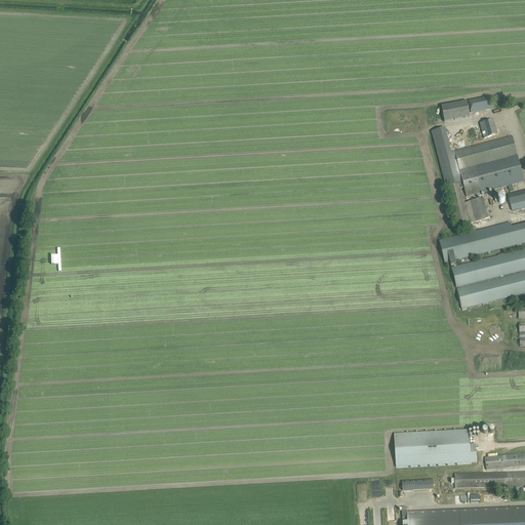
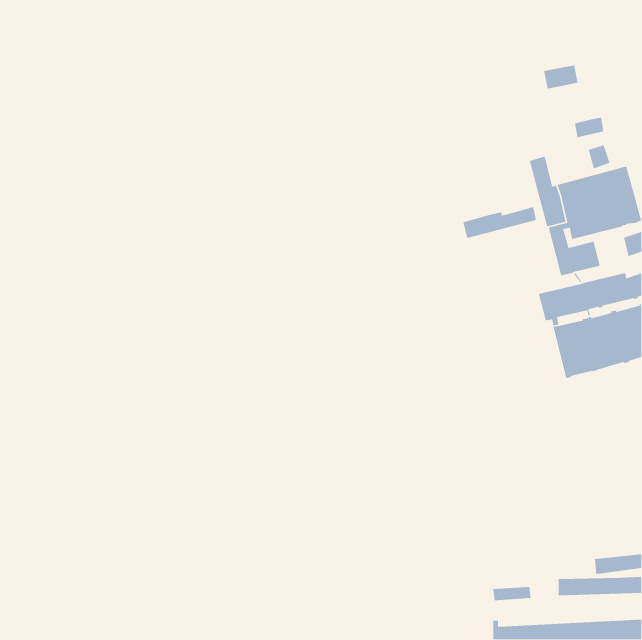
building: [441,100,470,121] -> [543,64,578,89]
building: none -> [462,206,537,239]
building: [394,429,477,467] -> none

